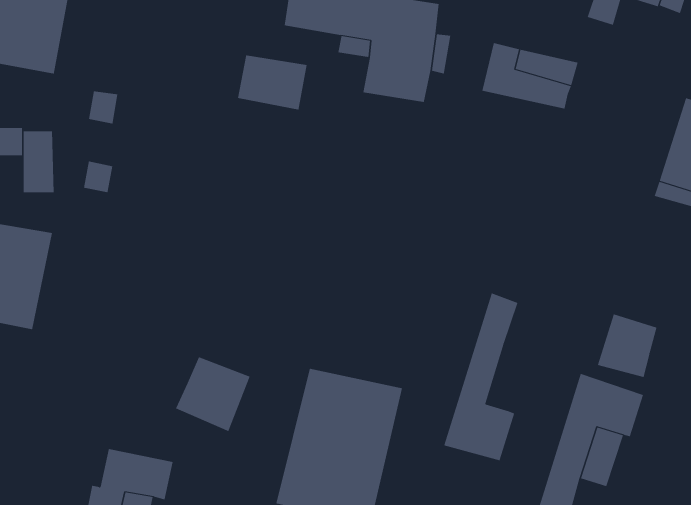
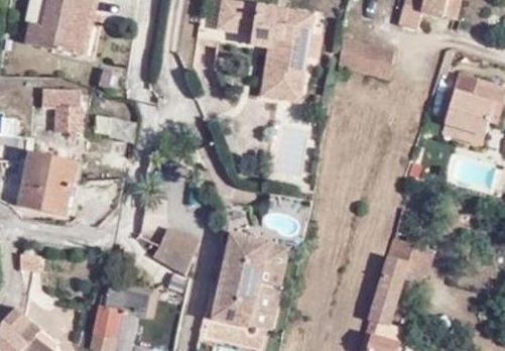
building: [237,55,307,110] -> [258,69,300,102]
building: [444,292,518,461] -> none
building: [597,313,657,378] -> none

